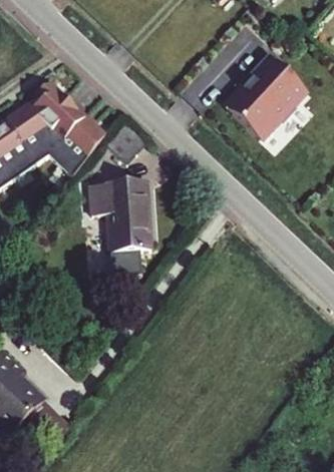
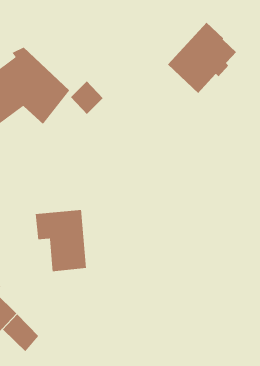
building: [90,177,152,252] -> [35,210,87,272]

